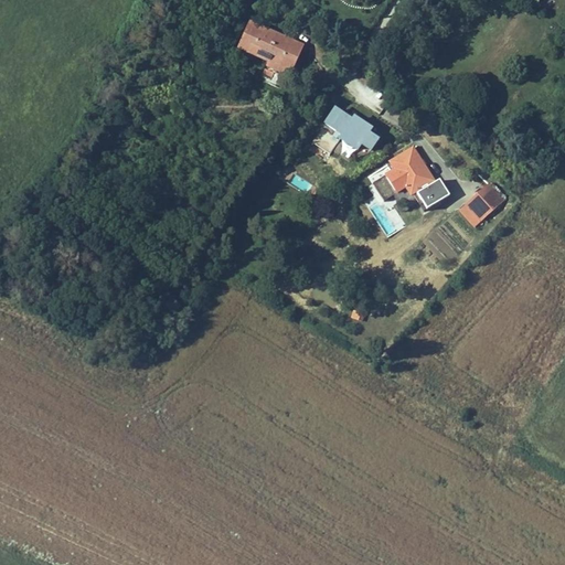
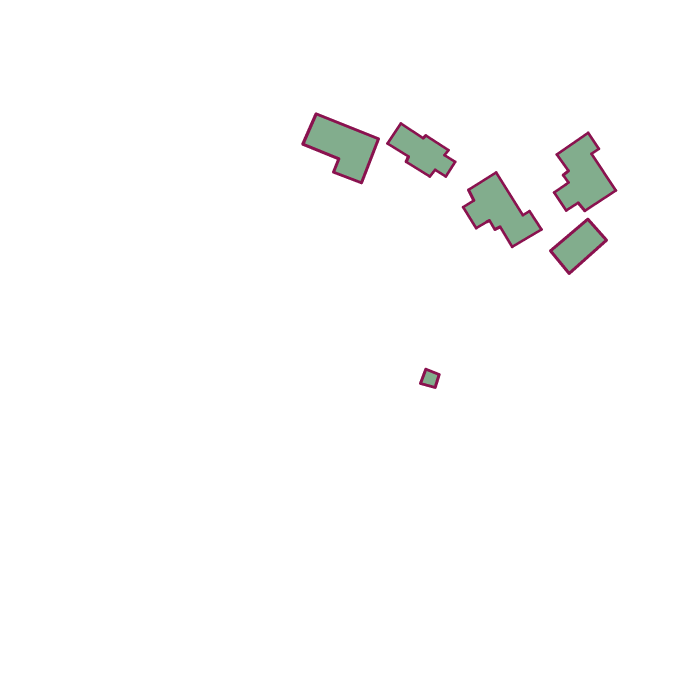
building: [237,22,300,79] -> [303,114,379,183]
building: none -> [554,133,616,211]

